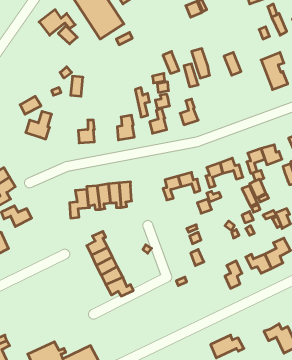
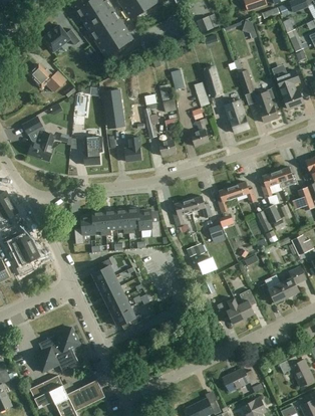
building: none -> [29,63,66,91]
building: none -> [254,90,278,122]
building: none -> [103,91,124,131]
building: none -> [225,99,249,132]
building: none -> [138,209,161,237]
building: none -> [15,244,39,274]
building: none -> [218,297,244,324]
building: none -> [34,327,79,372]

